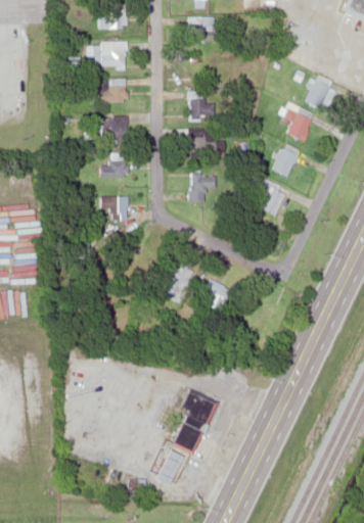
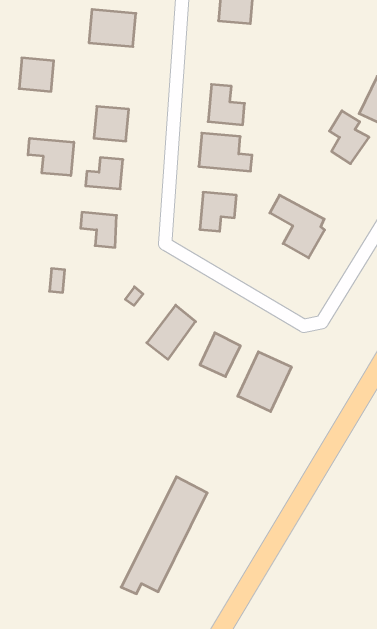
building: [101,79,126,102] -> [19,58,54,91]
building: none -> [28,138,74,176]
building: [271,147,299,178] -> none
building: none -> [238,352,291,412]

